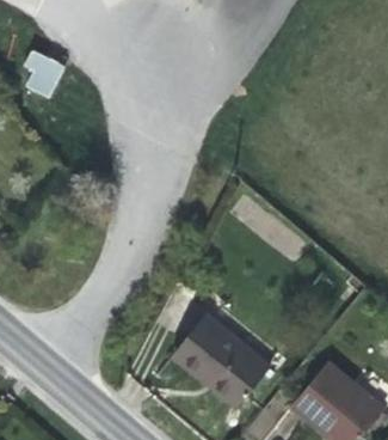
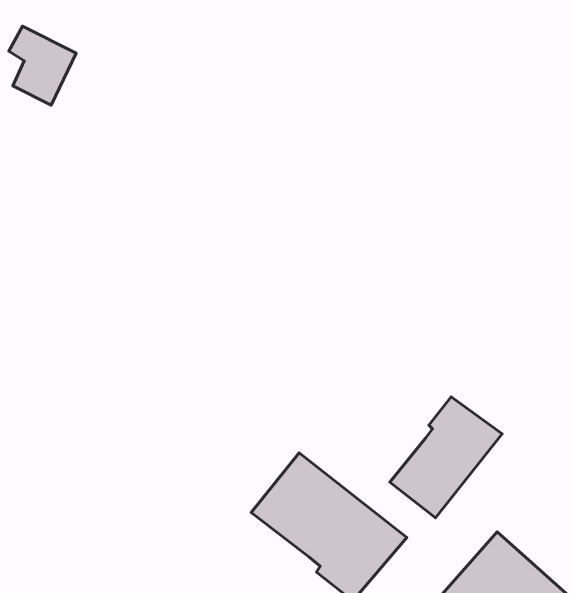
building: none -> [390,397,502,518]

